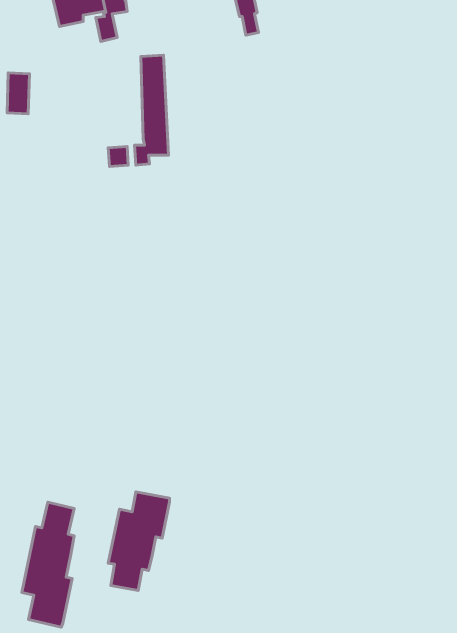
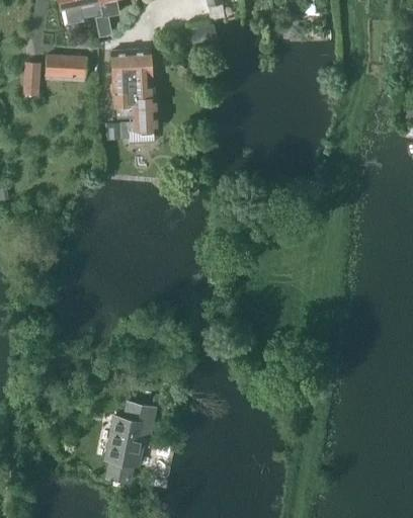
building: none -> [109,51,133,118]
building: none -> [46,54,87,76]
building: [22,502,74,627] -> none

